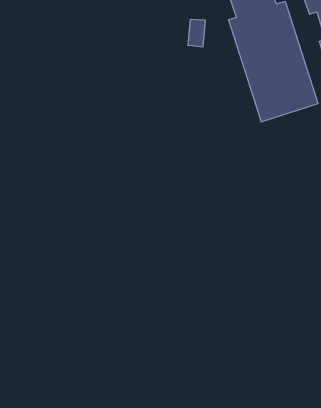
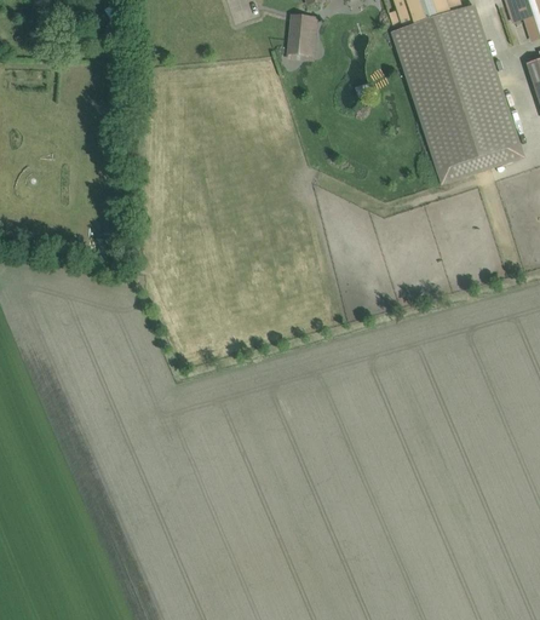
building: [188,19,205,47] -> [287,13,314,54]

